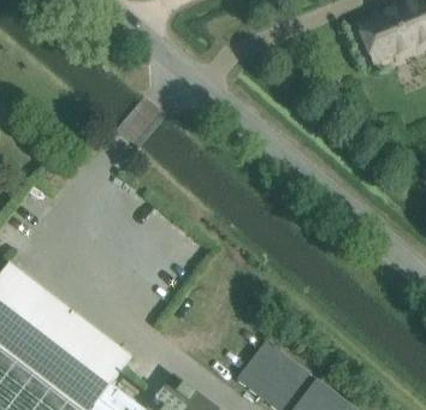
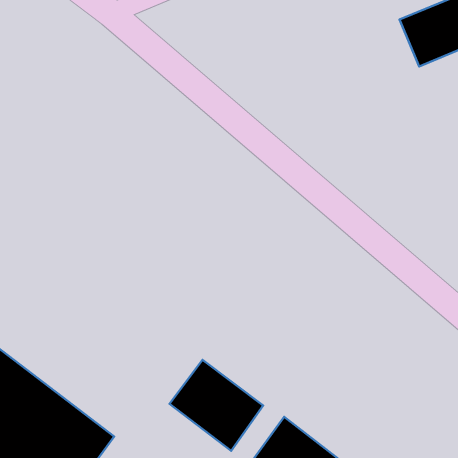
building: none -> [170,360,263,451]

